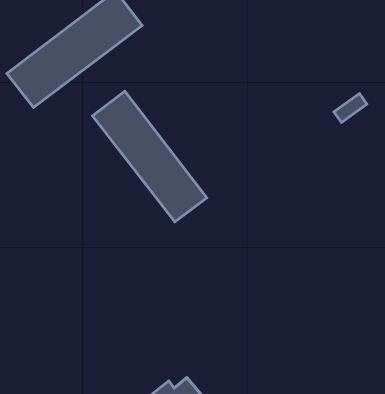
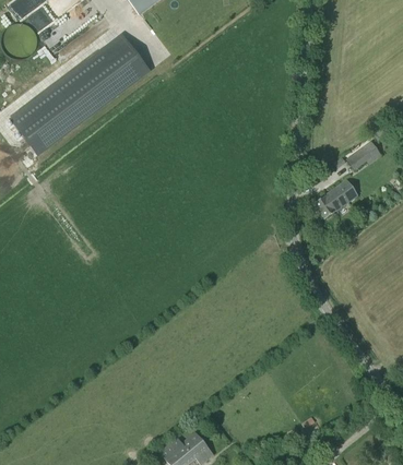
building: [93,91,207,222] -> none
building: none -> [313,178,357,217]

